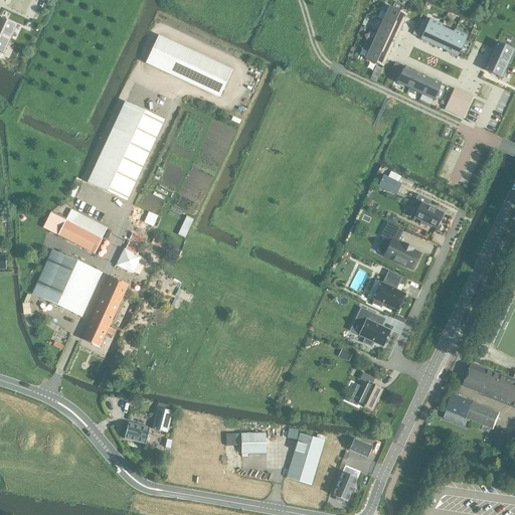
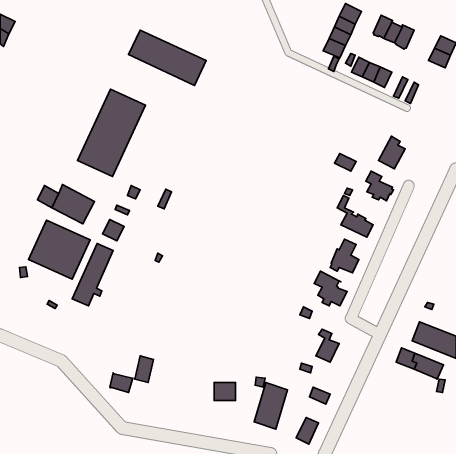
building: none -> [378,136,405,169]

